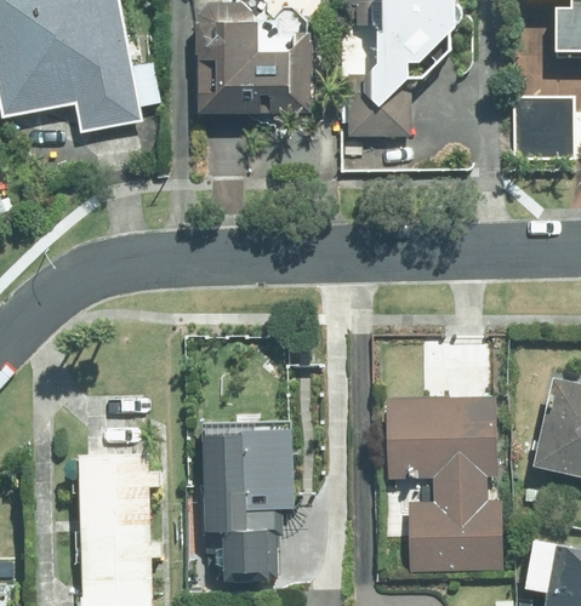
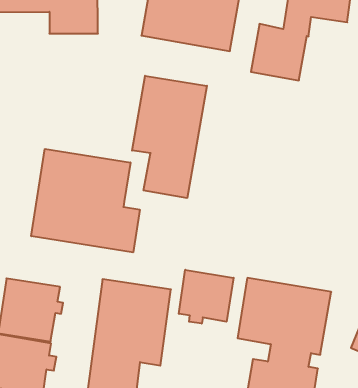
building: none -> [132,76,207,198]
building: none -> [31,149,140,252]
building: none -> [179,270,234,324]

